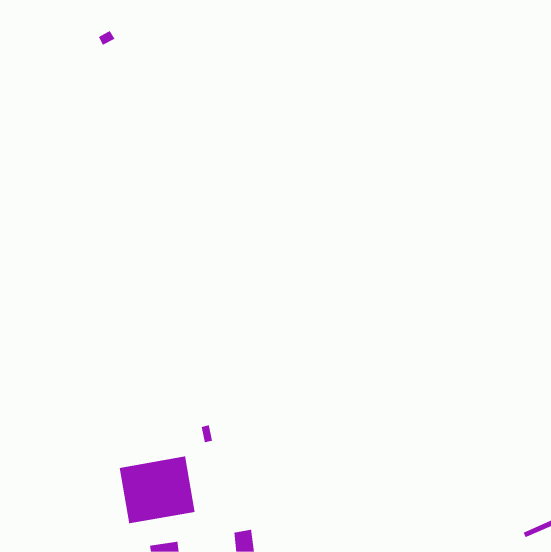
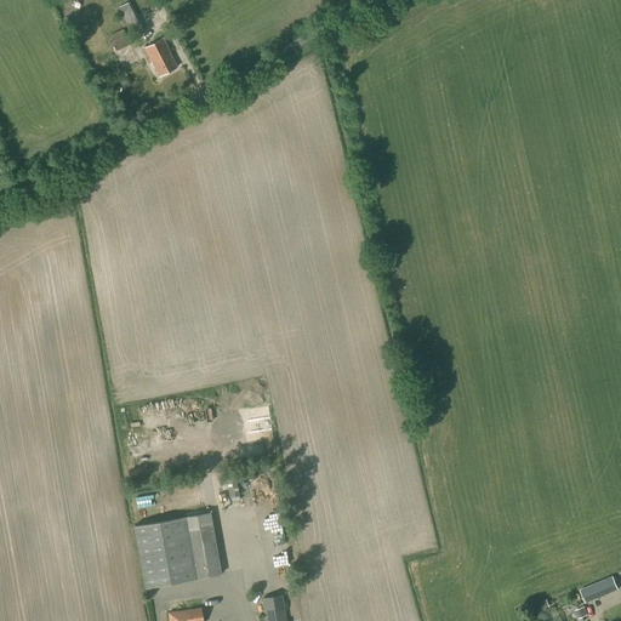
building: none -> [144,38,177,76]

